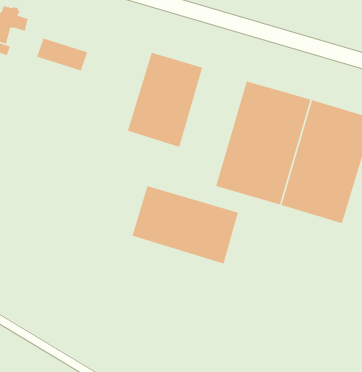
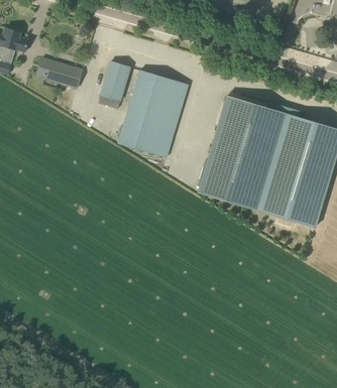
building: none -> [98,60,130,108]
building: [131,185,239,265] -> none

